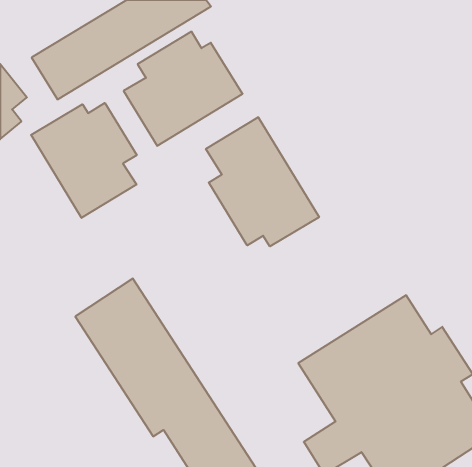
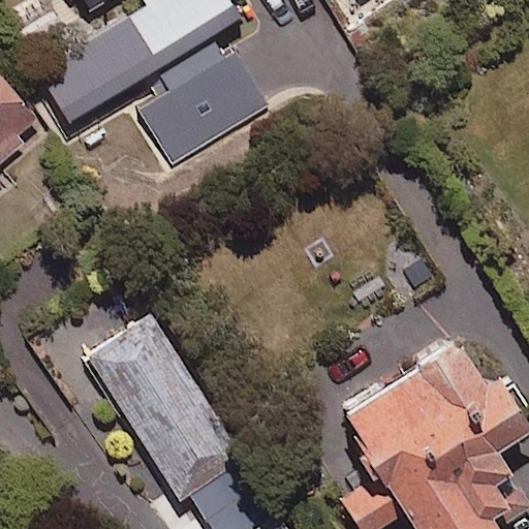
building: [31,103,137,218] -> none
building: [206,117,319,246] -> none

